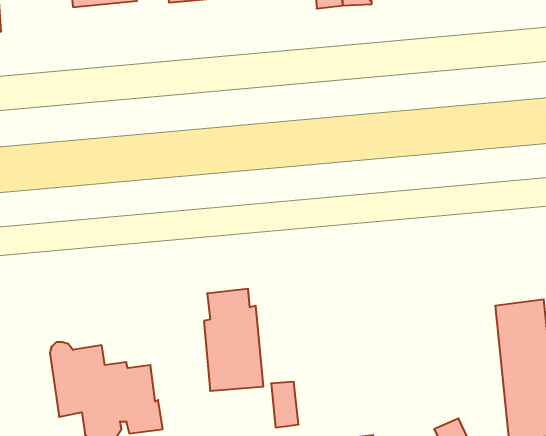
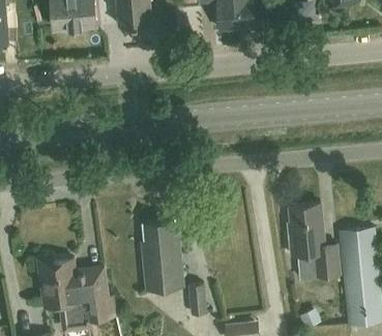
building: none -> [288,204,340,276]

